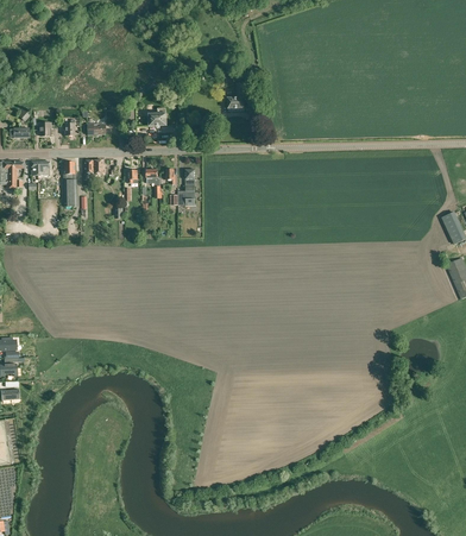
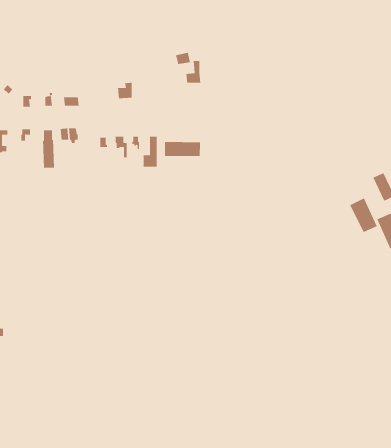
building: none -> [164,141,201,157]
building: none -> [349,198,377,233]

